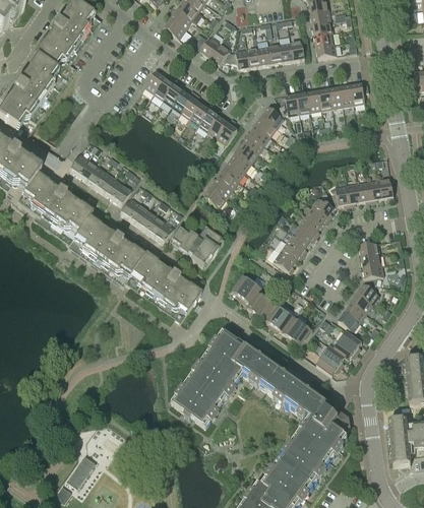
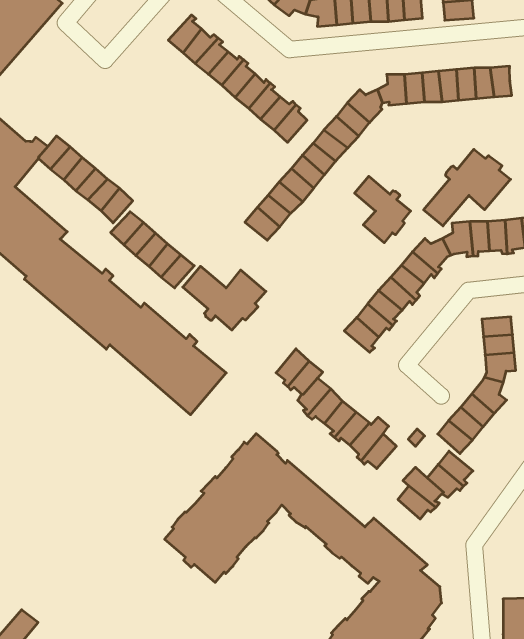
building: none -> [424,149,511,226]
building: none -> [355,176,411,243]

